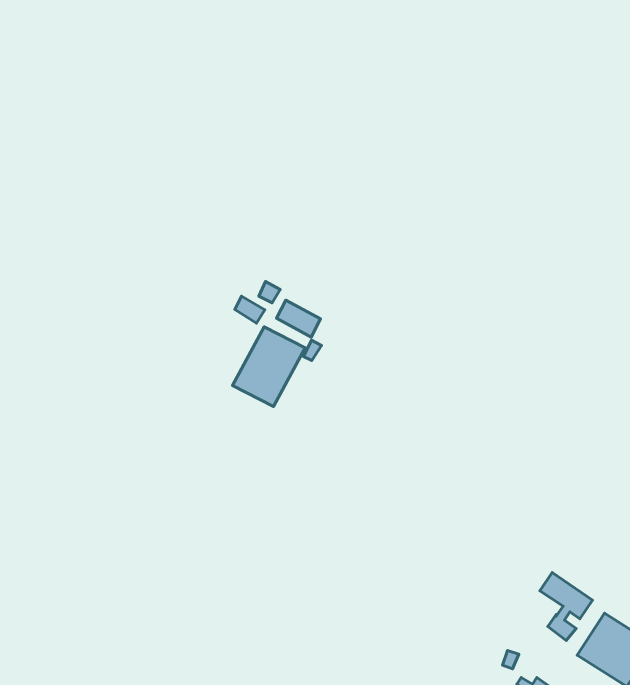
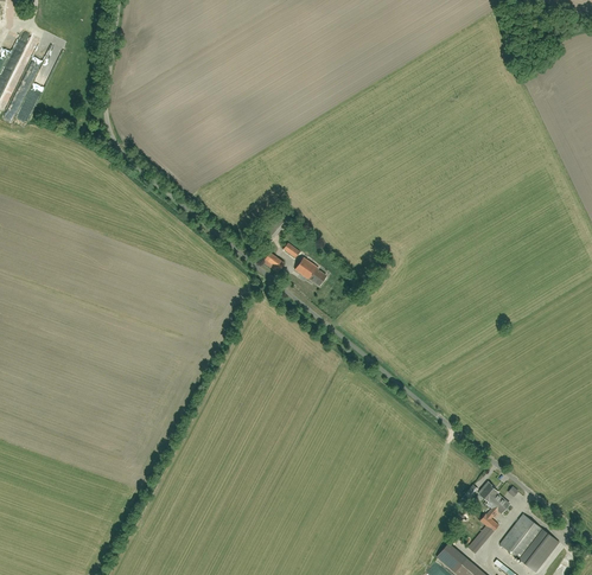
building: [233,327,305,406] -> none

